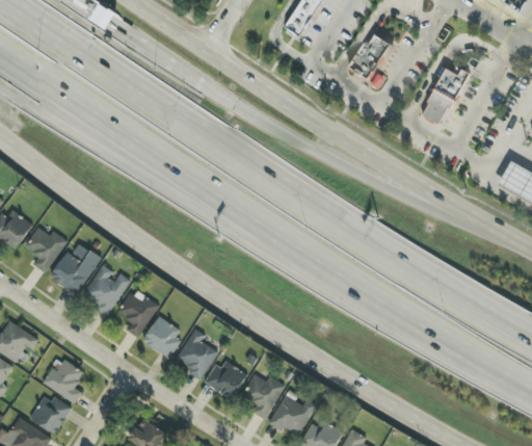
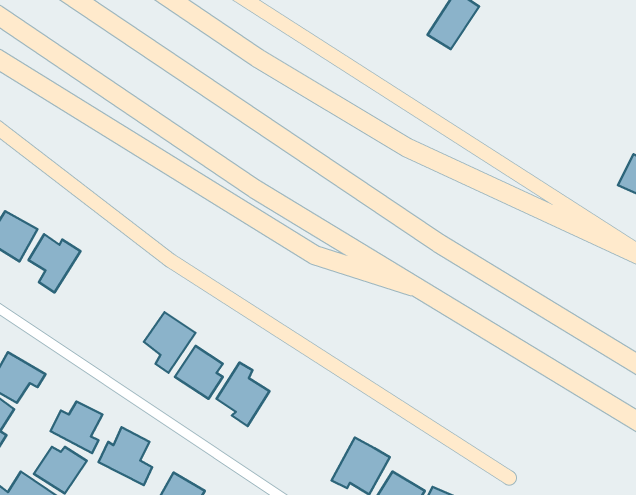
building: [418,67,469,127] -> none
building: [50,243,102,295] -> none
building: [82,265,131,316] -> none
building: [205,363,246,398] -> none
building: [241,374,285,420] -> none
building: none -> [98,427,152,485]

